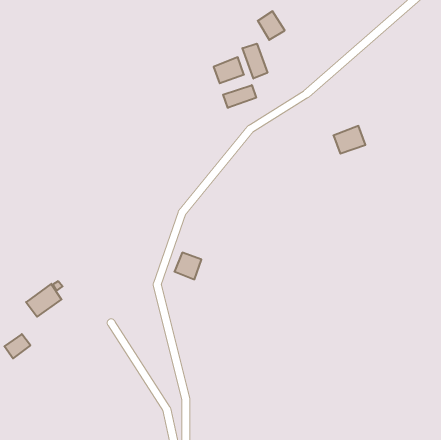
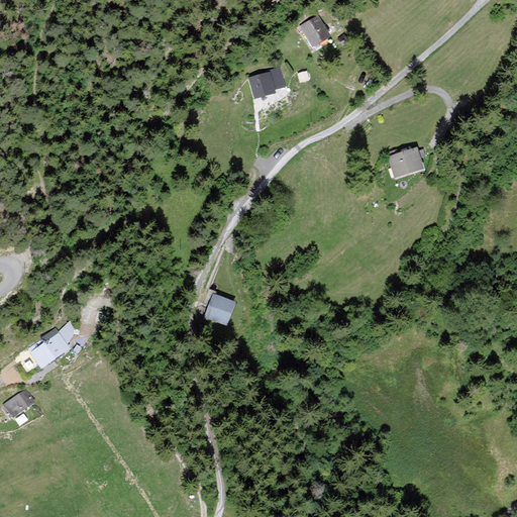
building: [242,44,267,79] -> none
building: [223,85,256,108] -> none

